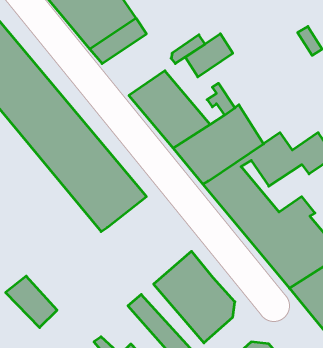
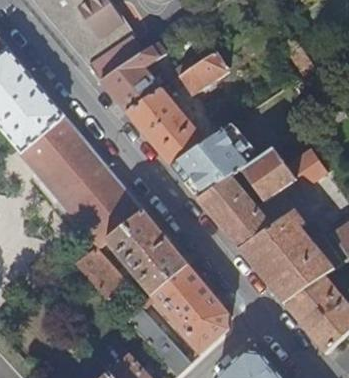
building: none -> [101,45,164,114]
building: none -> [106,212,188,297]
building: [6,276,57,328] -> [76,249,126,299]

